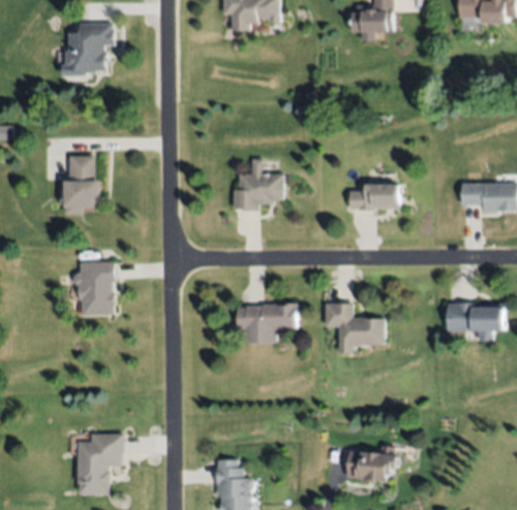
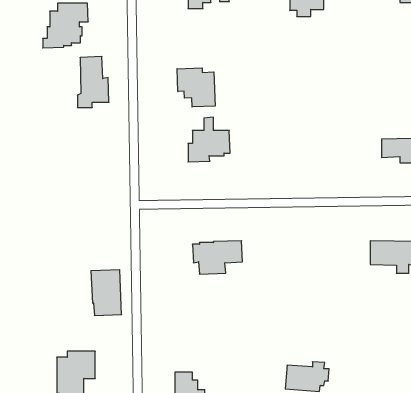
building: none -> [177,68,215,107]
building: [65,155,102,215] -> [77,57,109,107]
building: [348,185,399,209] -> none
building: [79,261,115,315] -> [91,270,122,315]
building: [325,302,385,353] -> none

